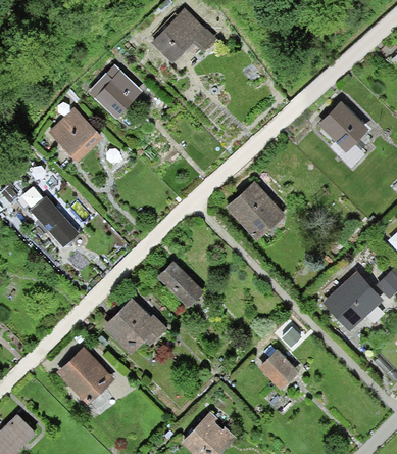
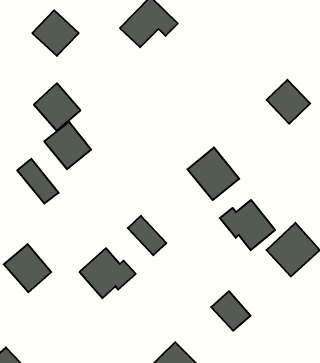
building: [87,62,141,116] -> [32,10,79,56]
building: none -> [44,122,91,169]
building: none -> [220,200,275,250]
building: [56,349,111,405] -> [4,244,51,292]

